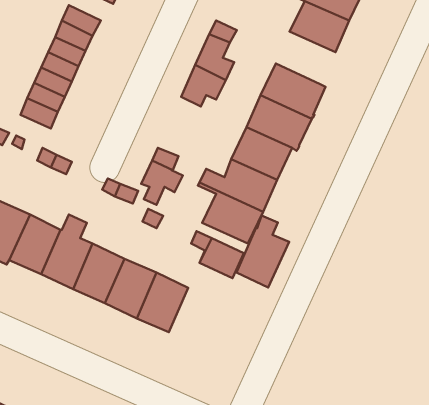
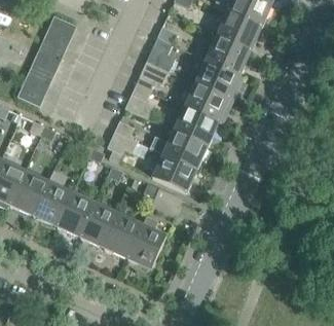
building: none -> [207,34,251,73]
building: none -> [124,82,154,118]
building: [236,216,289,288] -> [127,215,166,268]

